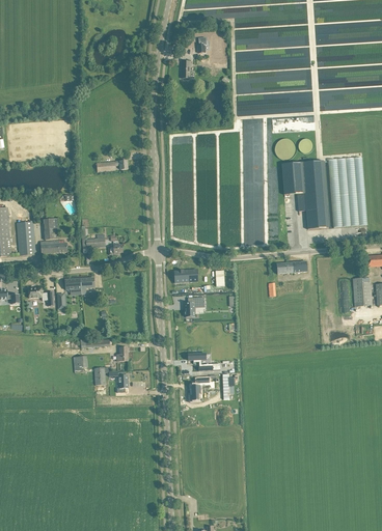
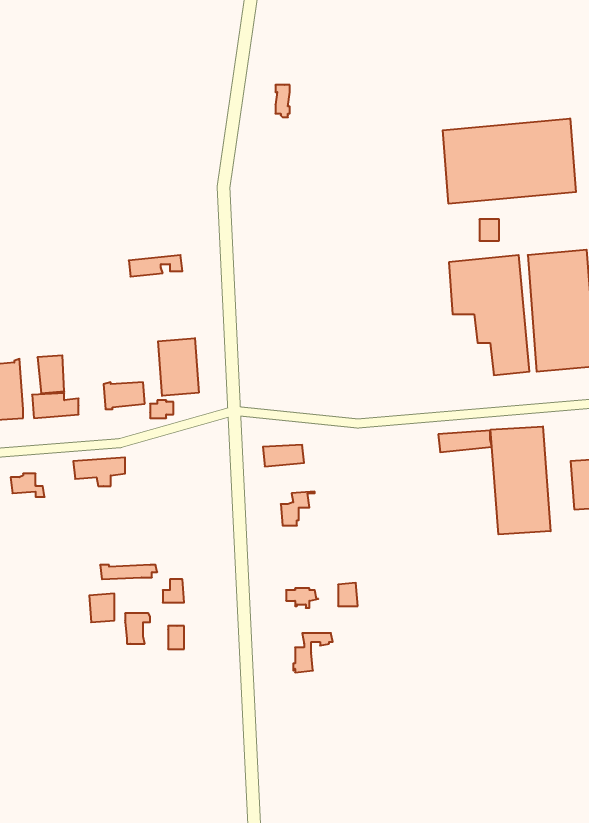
building: none -> [443,118,576,204]
building: none -> [158,338,199,396]
building: none -> [491,426,551,534]

